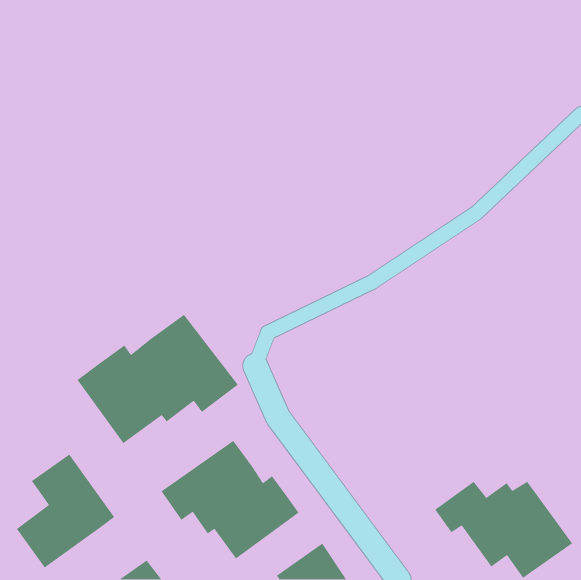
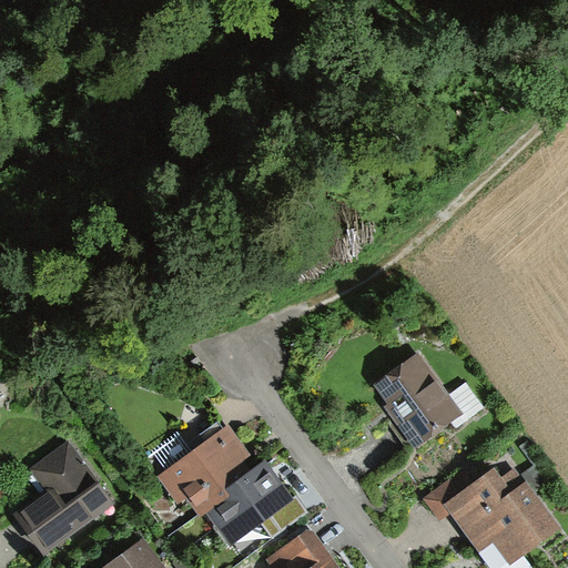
building: [76,314,239,444] -> none
building: none -> [375,353,462,447]

